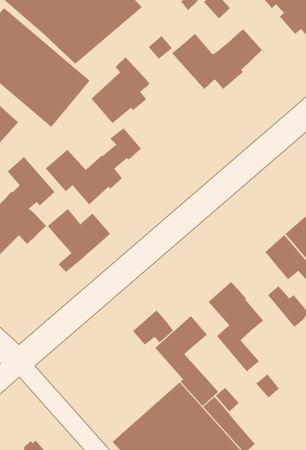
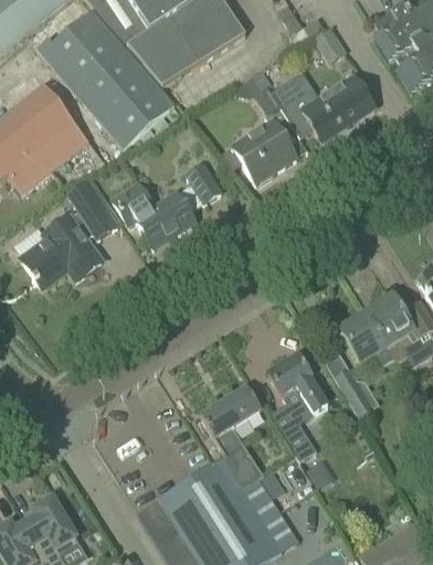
building: [91,57,152,127] -> [233,105,304,181]
building: [47,208,111,273] -> none
building: [132,309,174,345] -> none

